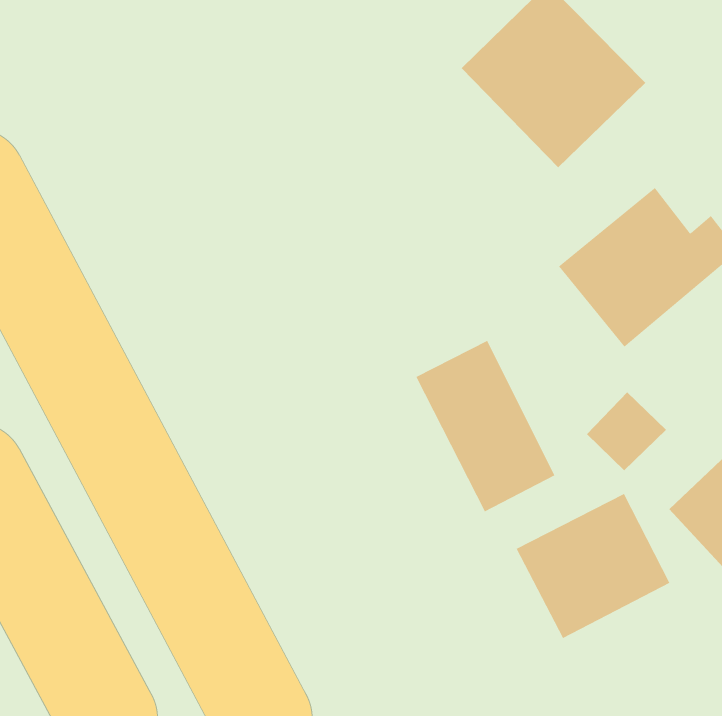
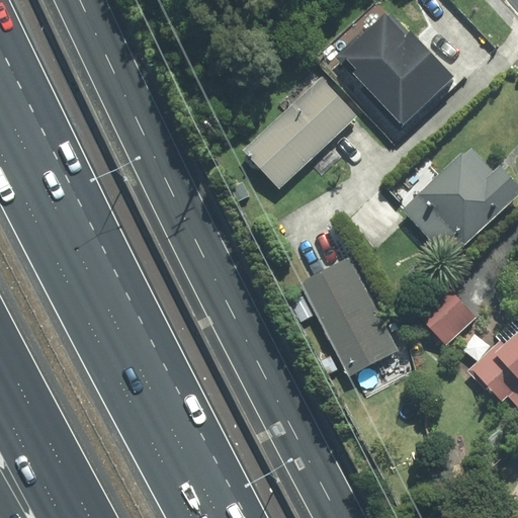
building: none -> [242,78,357,191]
building: [516,493,670,639] -> none

